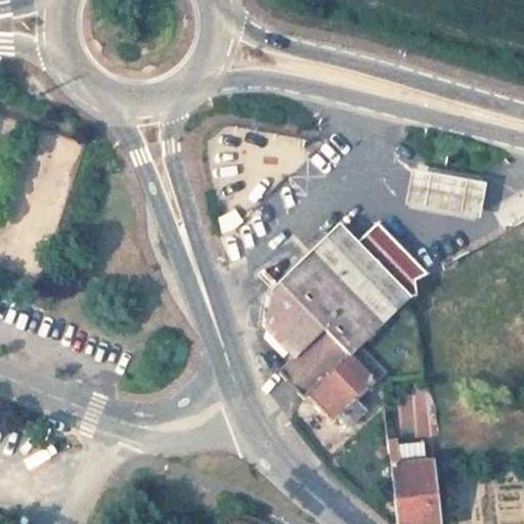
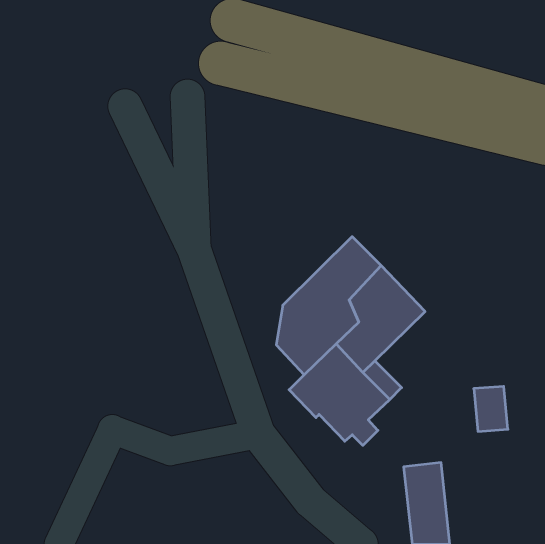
building: [417,168,501,218] -> none
building: [356,224,425,298] -> none
building: [403,390,436,433] -> [474,386,508,431]

